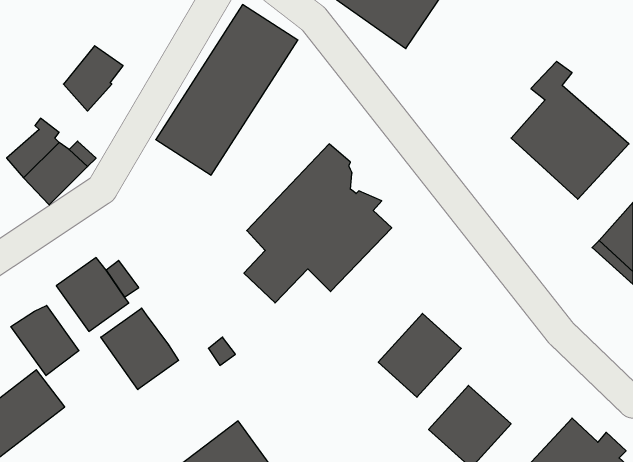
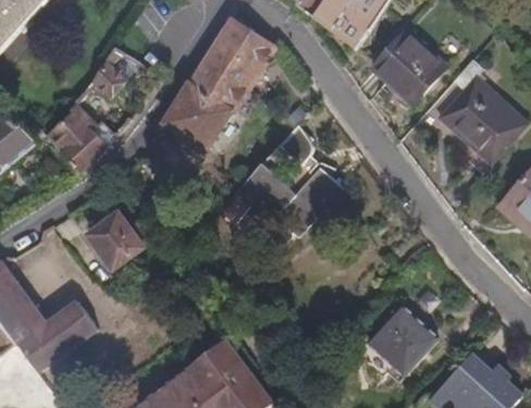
building: none -> [369,29,446,106]
building: [11,305,79,376] -> none
building: [101,308,179,390] -> none
building: [378,313,461,397] -> none

